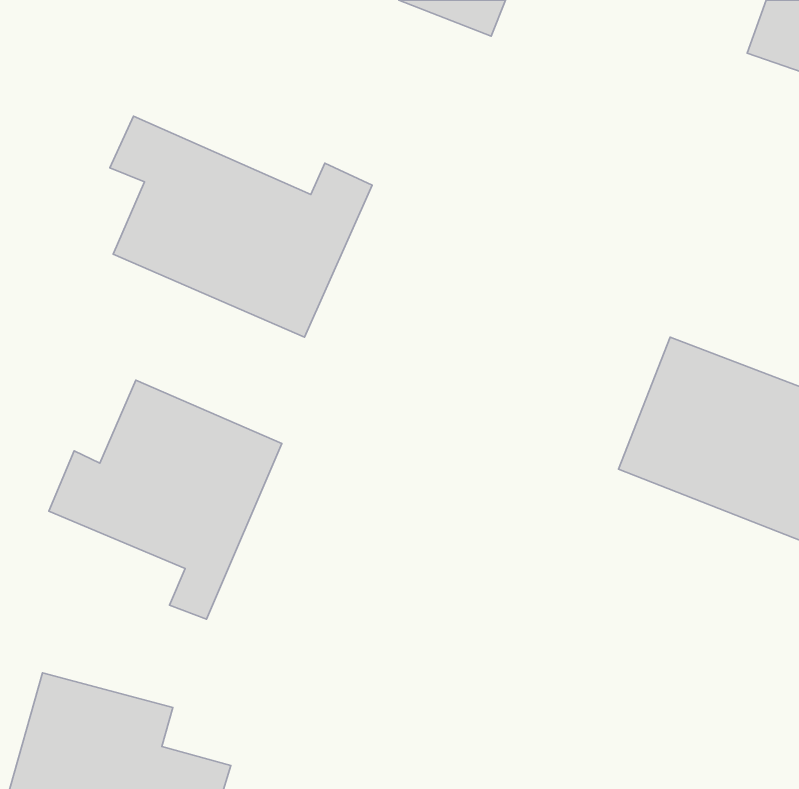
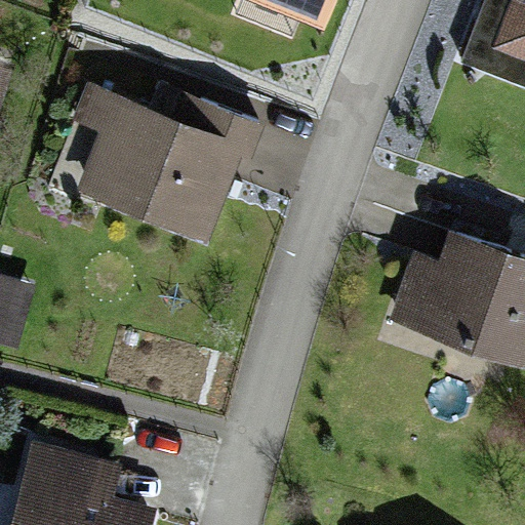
building: [49,380,282,619] -> none

